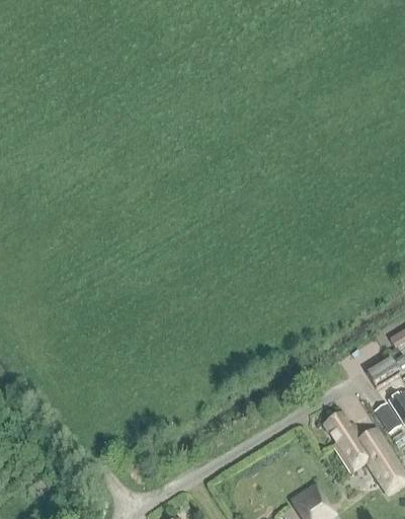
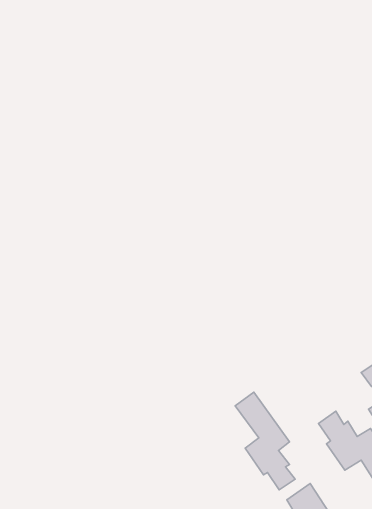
building: none -> [235,392,295,490]

